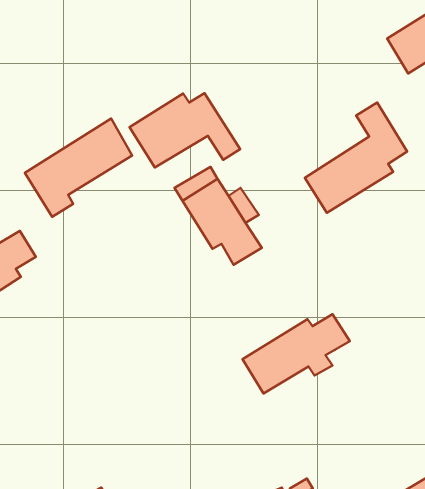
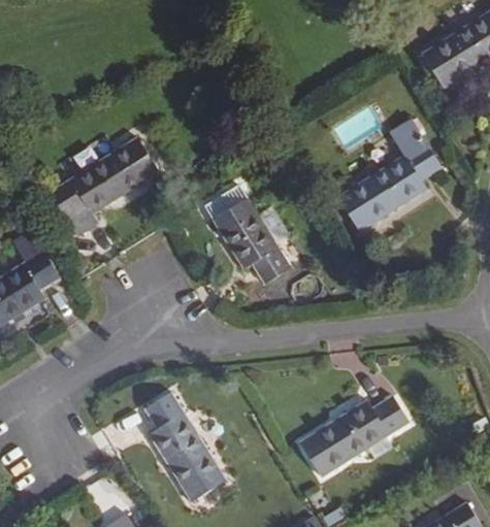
building: [130,93,240,168] -> none
building: [242,314,350,393] -> [299,395,410,476]
building: none -> [143,392,226,502]

